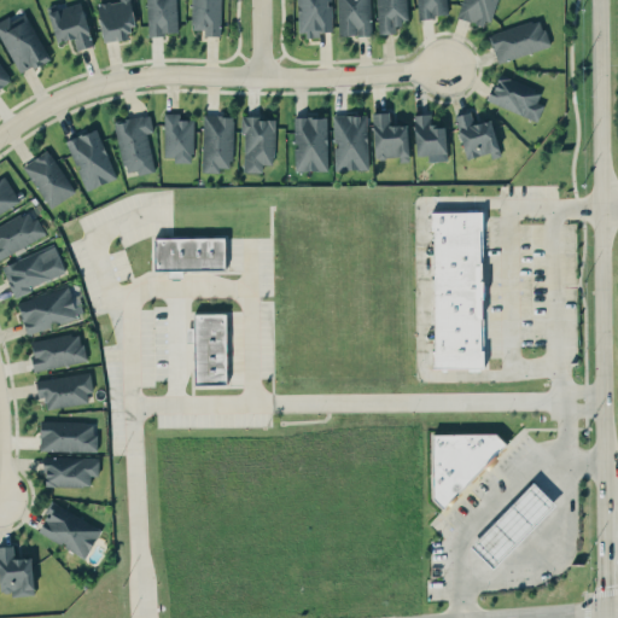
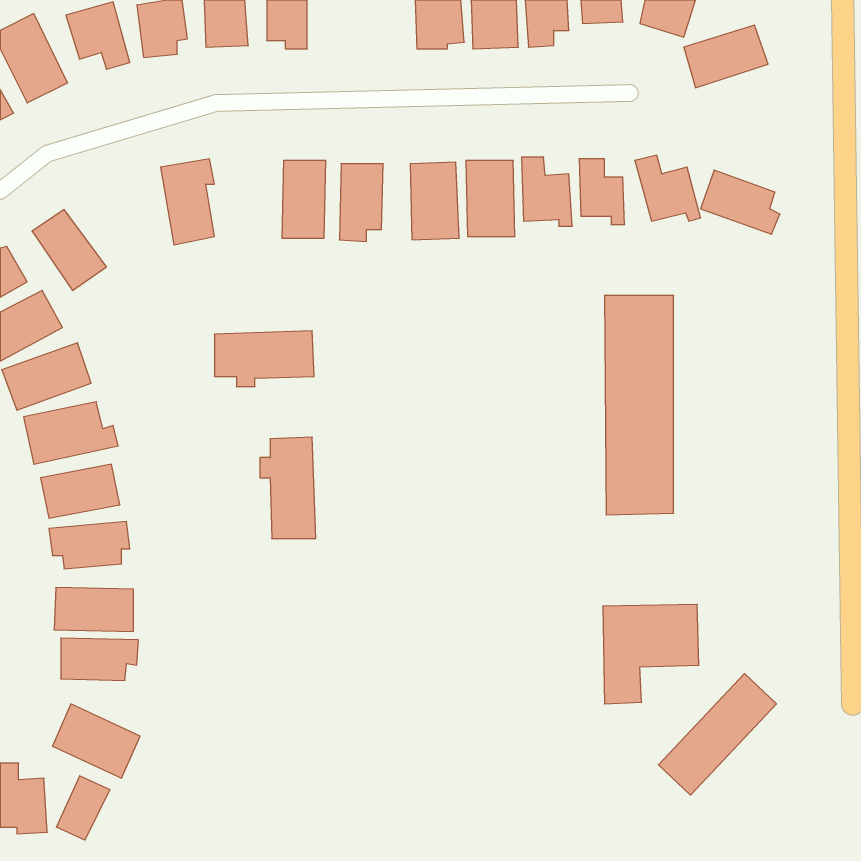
building: [489,75,546,121] -> [701,170,780,234]
building: [164,113,194,163] -> none
building: [68,129,117,191] -> none
building: none -> [56,776,110,840]

